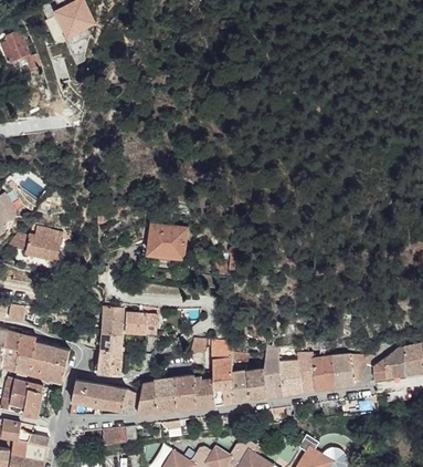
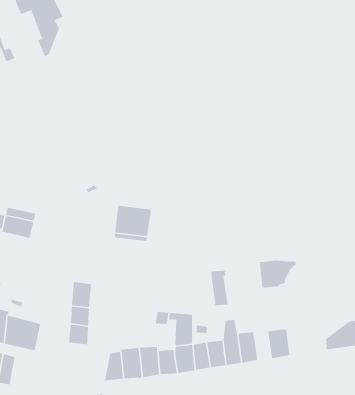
building: [125,312,158,333] -> none
building: [297,352,316,391] -> [211,270,228,306]
building: [332,354,373,385] -> [259,260,297,289]
building: [68,380,138,415] -> none

